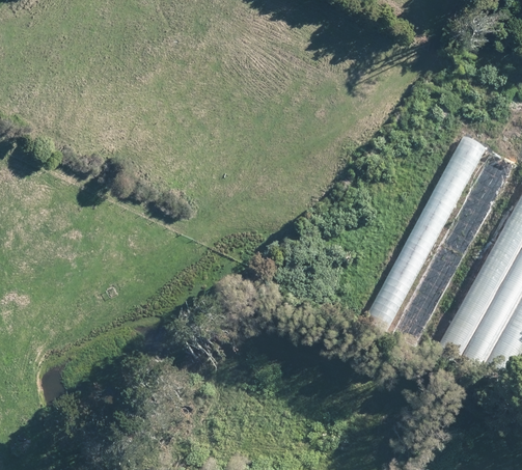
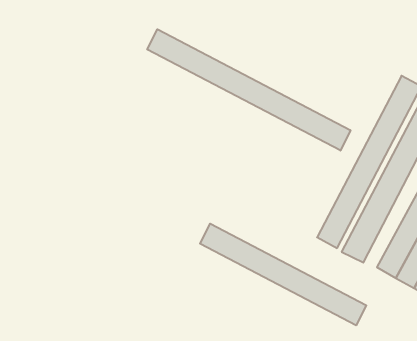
building: none -> [147,29,350,151]
building: none -> [200,224,366,325]

